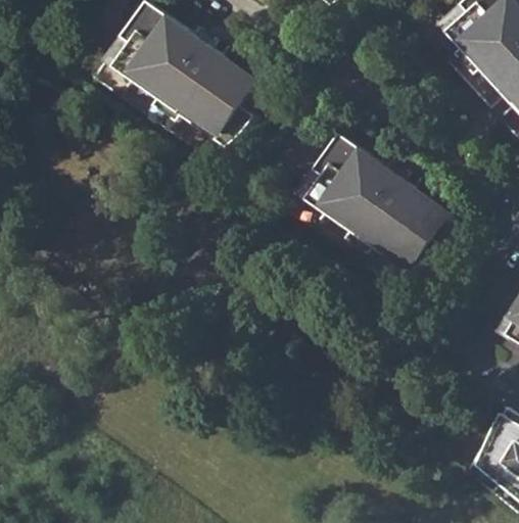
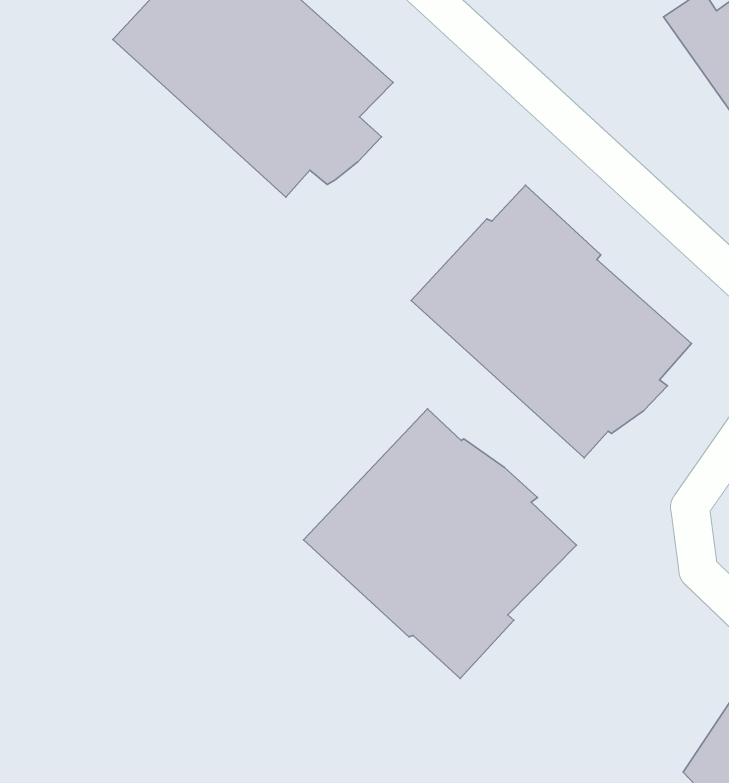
building: none -> [304,409,577,678]

